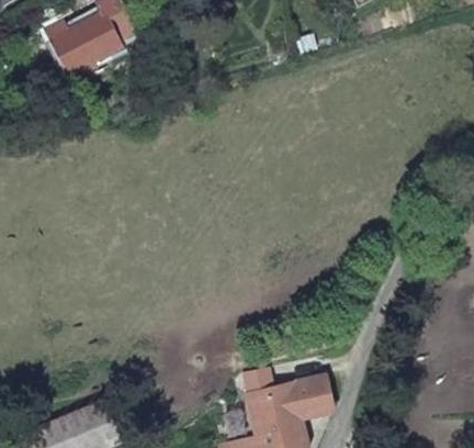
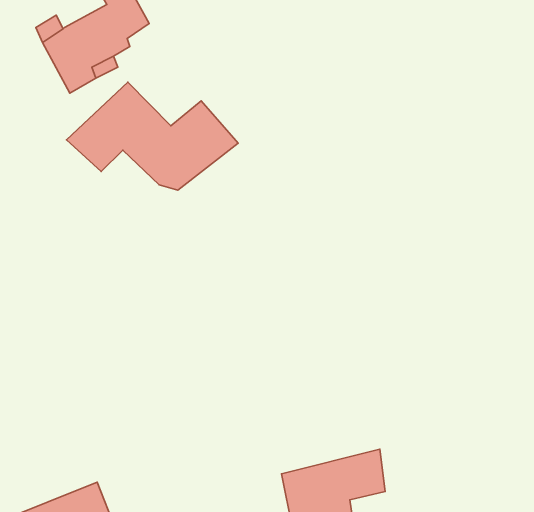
building: none -> [67,82,238,190]

